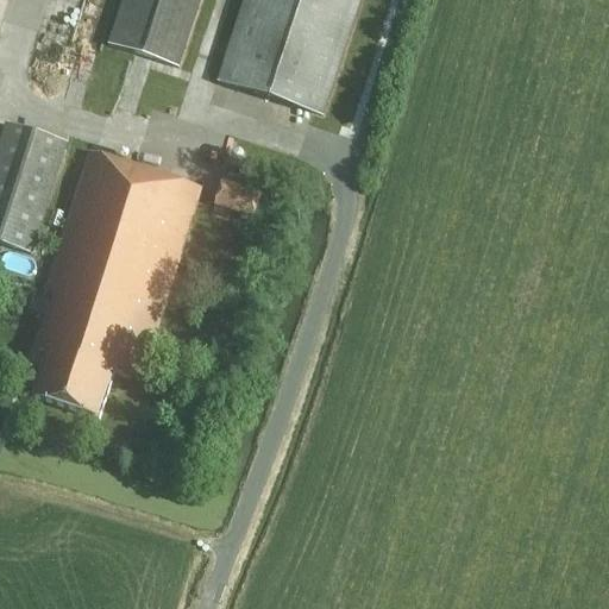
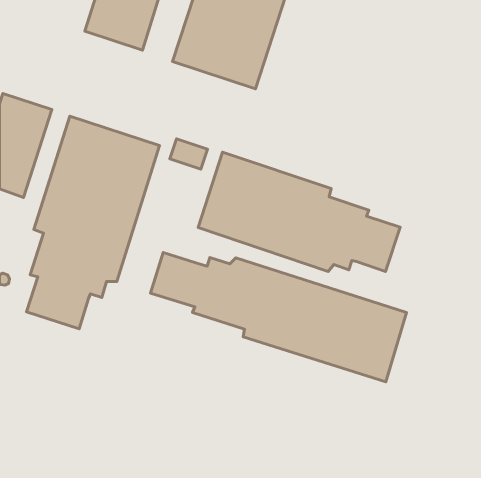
building: none -> [198,152,400,272]
building: none -> [151,252,407,382]

